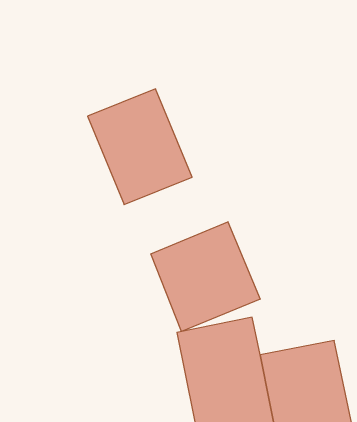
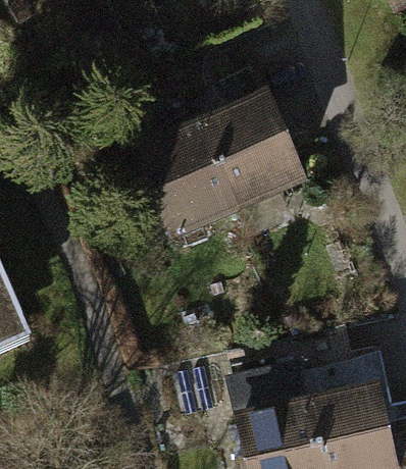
building: none -> [197,93,302,209]
building: [151,222,260,331] -> none

